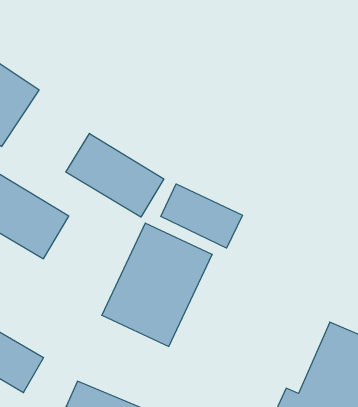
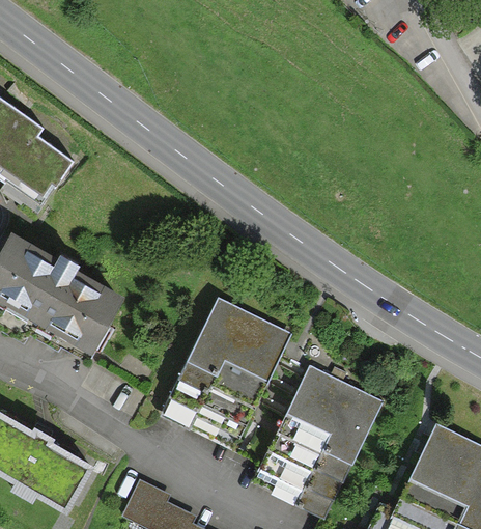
building: [66,133,164,217] -> none
building: [161,184,242,248] -> none
building: none -> [255,372,380,518]

